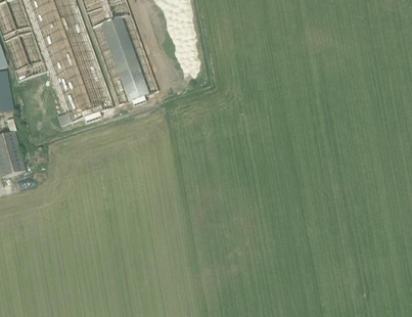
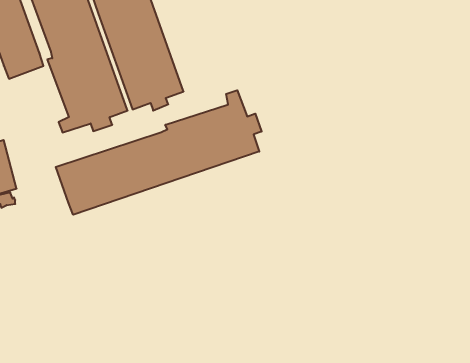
building: none -> [56,90,262,215]

